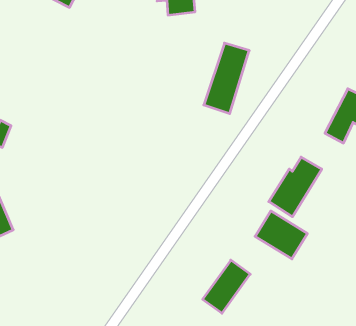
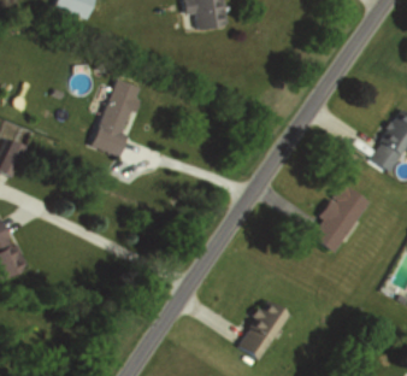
building: [204,43,249,114] -> [95,80,146,158]
building: [255,211,307,259] -> none

